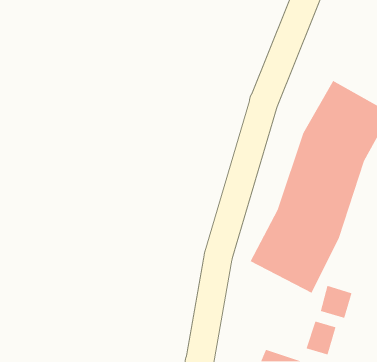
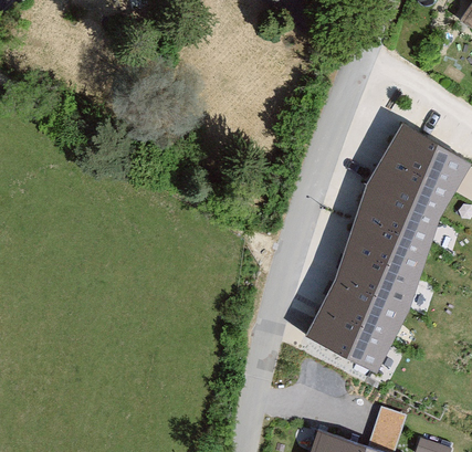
building: [320,285,353,319] -> none

